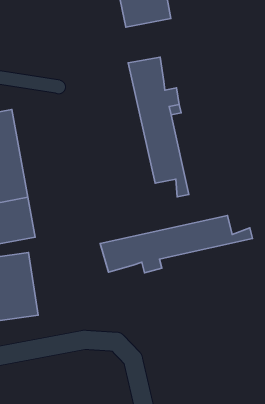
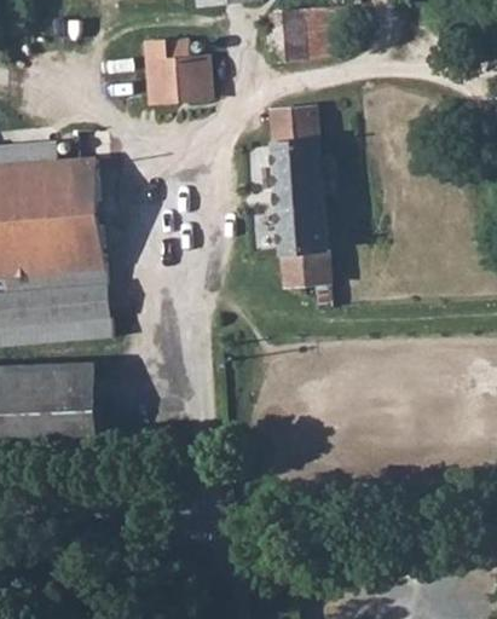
building: none -> [143,39,207,100]
building: [100,215,253,273] -> none

